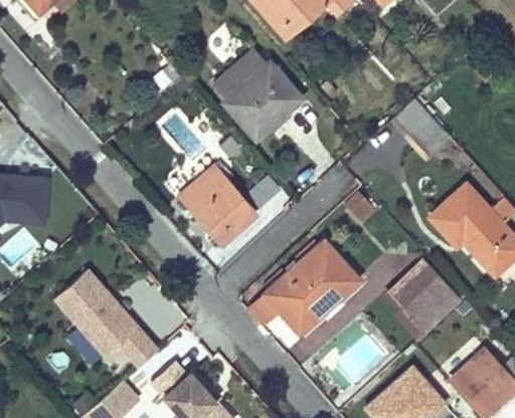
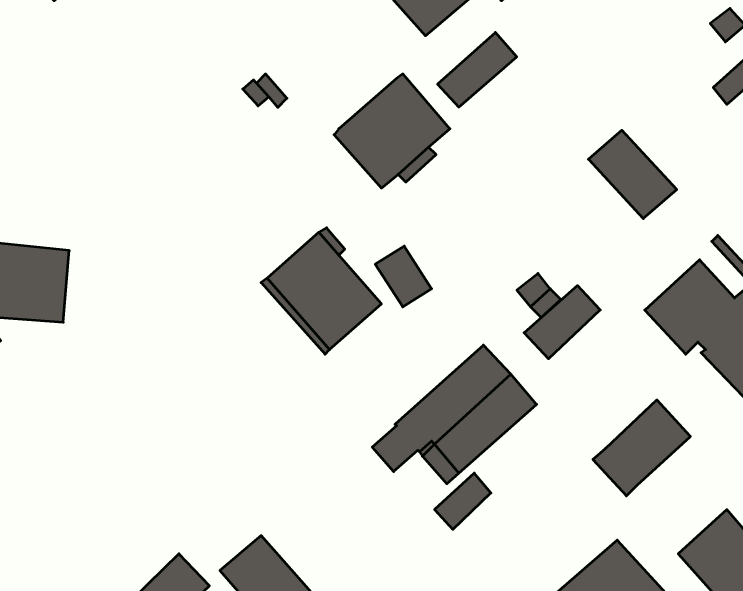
building: [214,47,267,96] -> [438,32,517,107]
building: [388,259,439,307] -> [524,286,600,359]
building: [53,274,158,372] -> none

